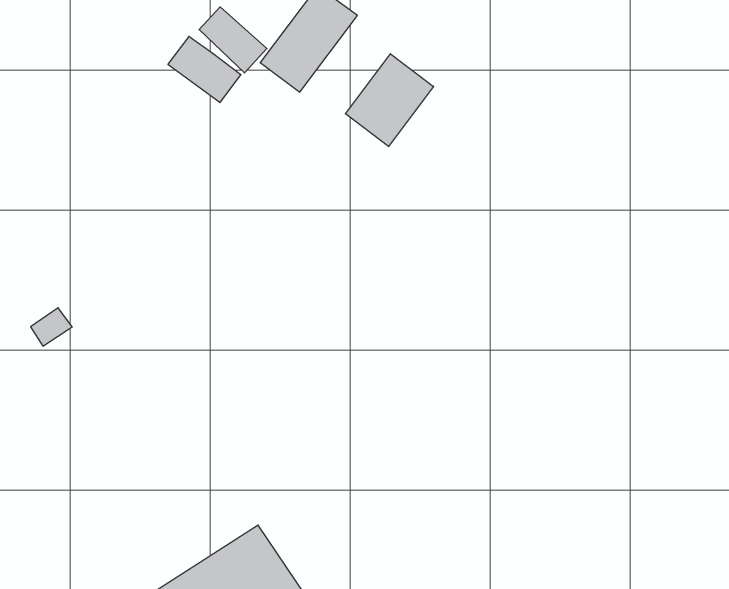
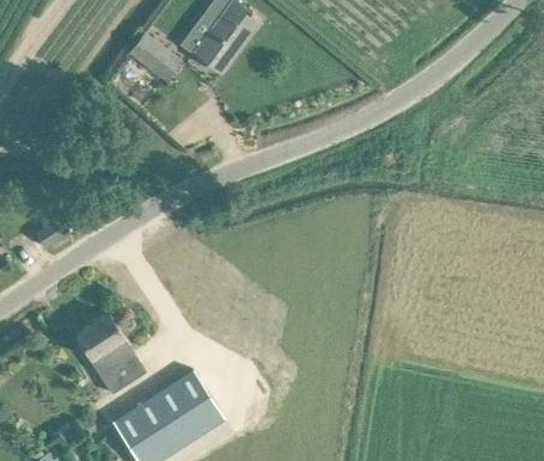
building: [345,54,434,147] -> none
building: none -> [74,313,145,394]

